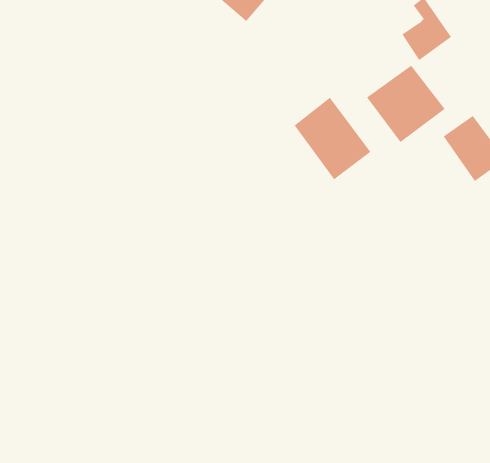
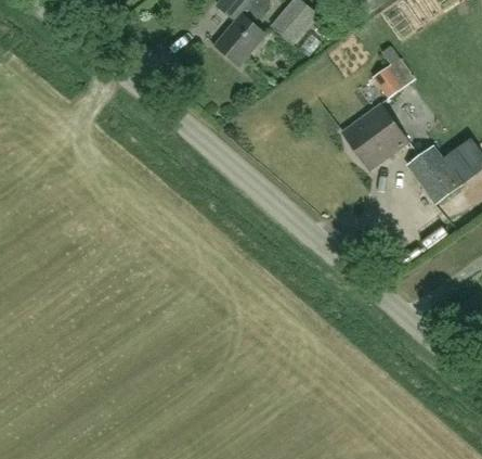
building: [294,97,371,180] -> none

